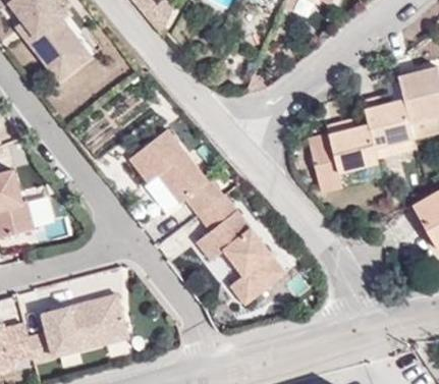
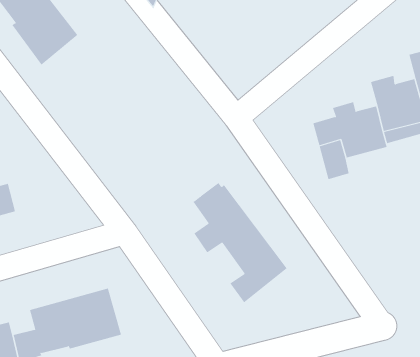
building: [129,127,223,212] -> none

